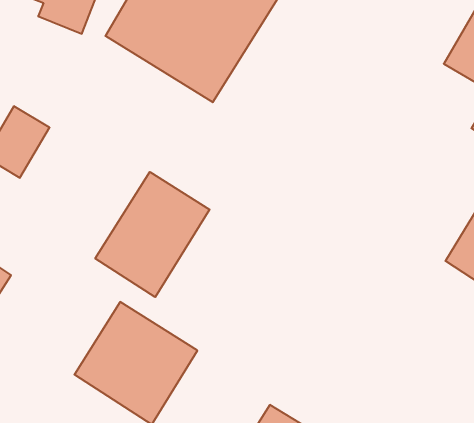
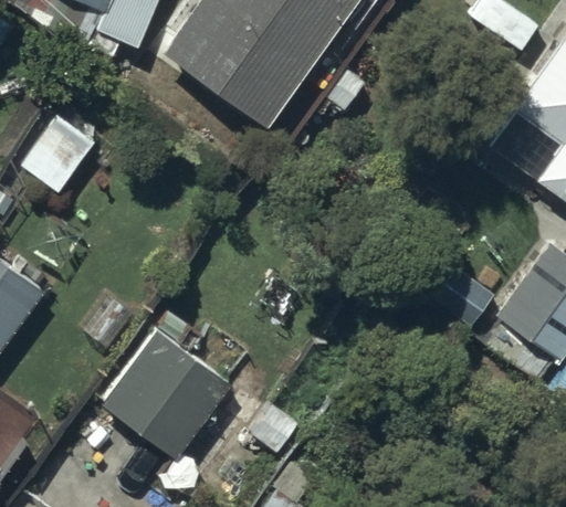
building: [95,172,210,297] -> none

